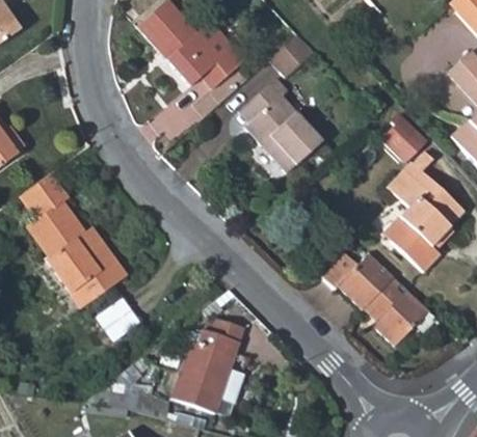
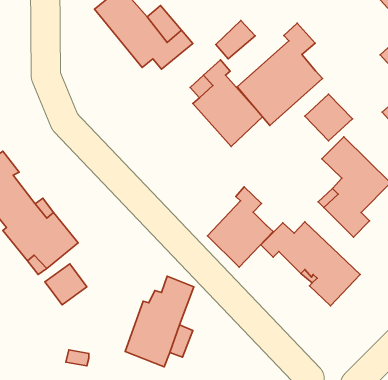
building: none -> [237,23,323,125]
building: none -> [207,187,273,267]

